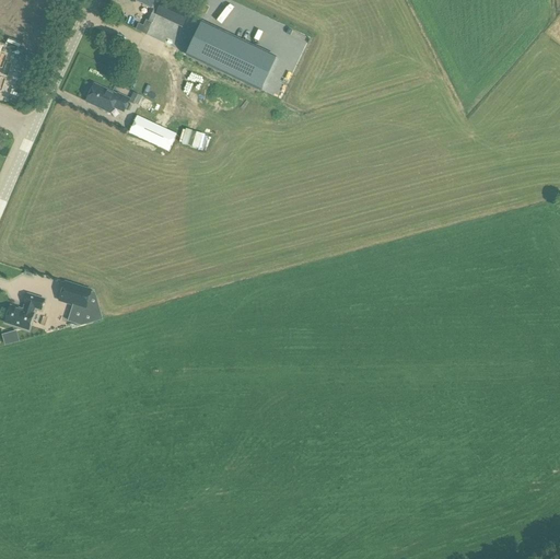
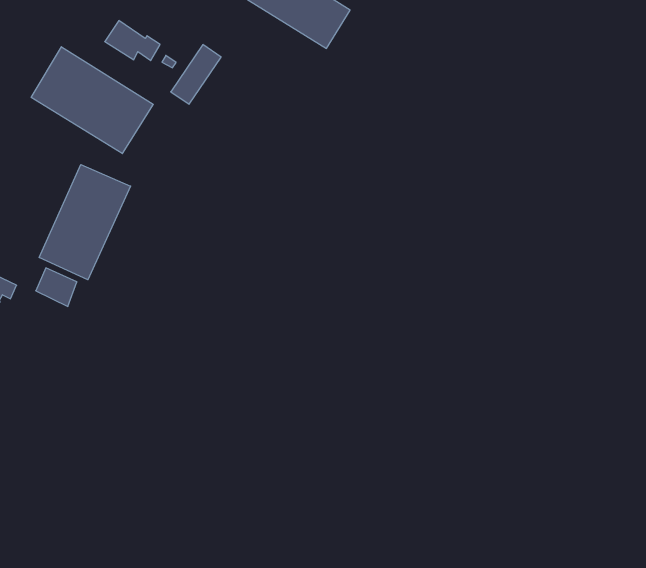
building: none -> [31,47,153,154]
building: none -> [39,165,131,280]

